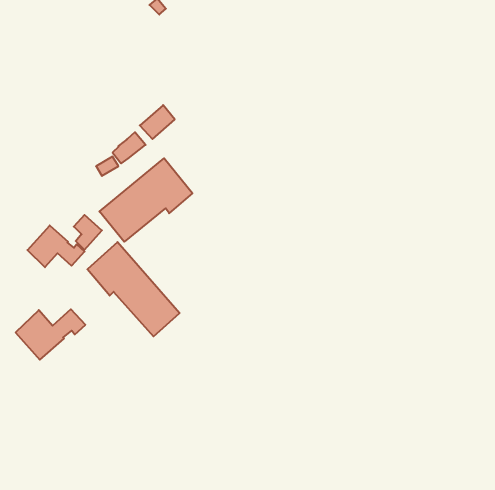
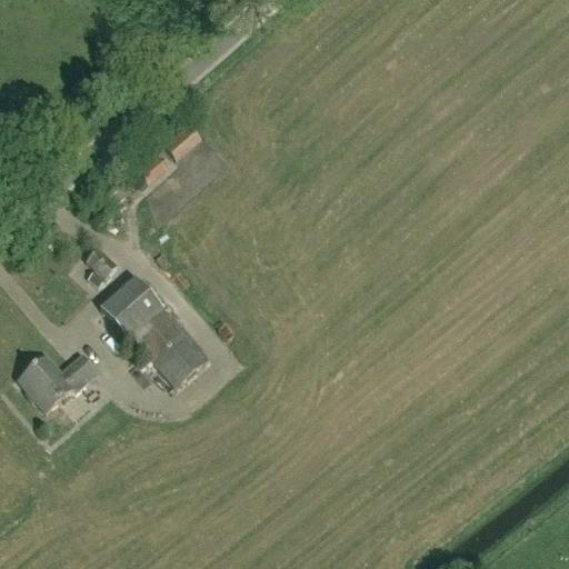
building: [99,158,192,242] -> none
building: [27,225,85,267] -> none

